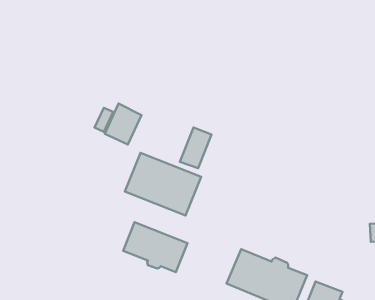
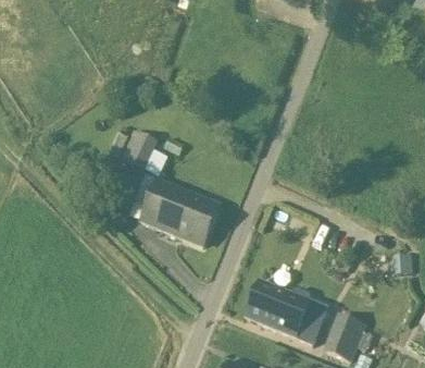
building: [180,127,211,168] -> none
building: [123,222,187,272] -> none

